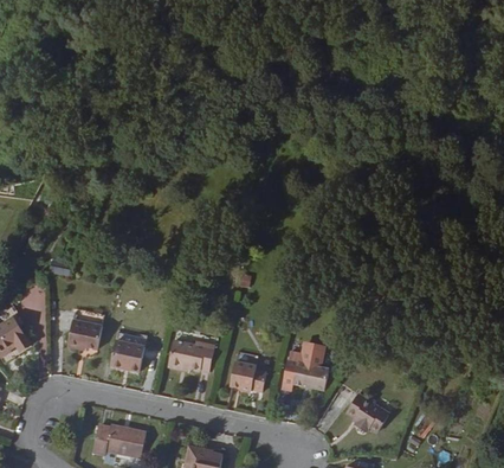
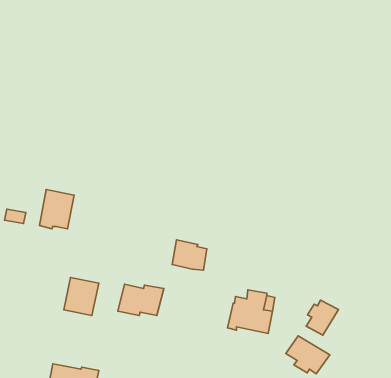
building: [67,308,104,350] -> [39,190,74,229]
building: none -> [306,300,339,335]
building: [230,360,266,392] -> [172,240,207,270]

